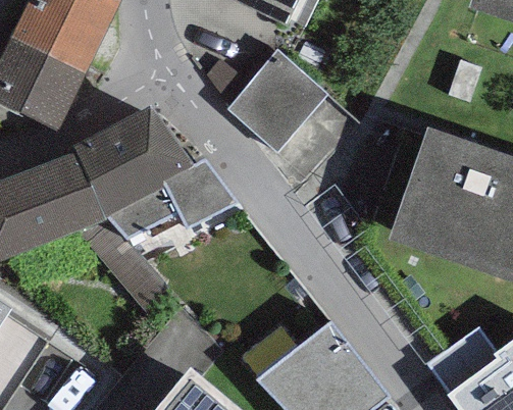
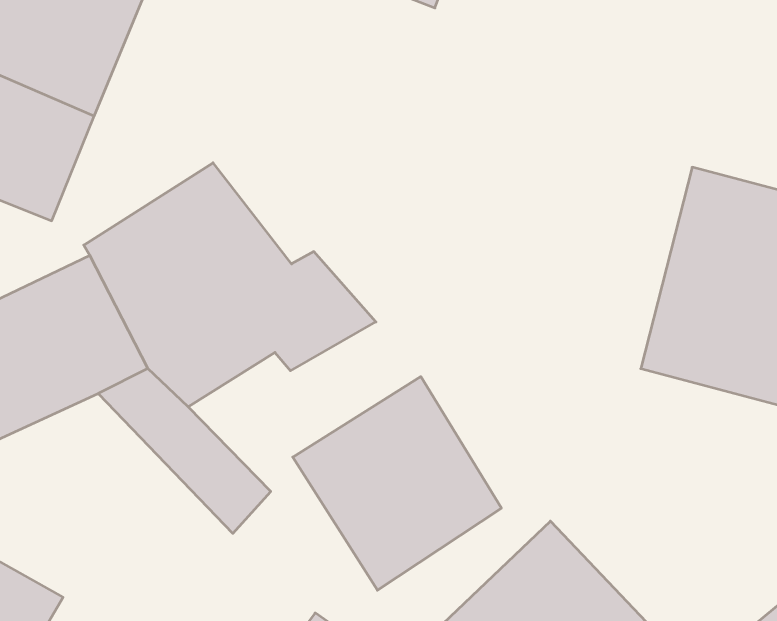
building: [223,52,327,154] -> none
building: none -> [293,377,501,590]

